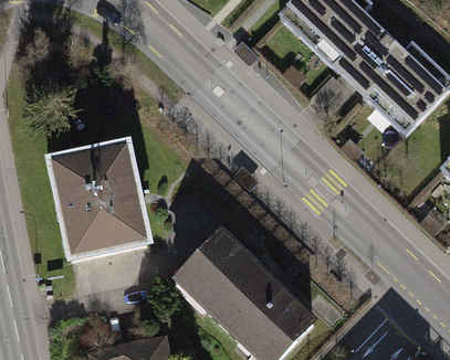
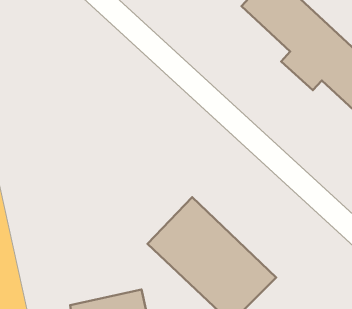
building: [48,133,151,253] -> none

